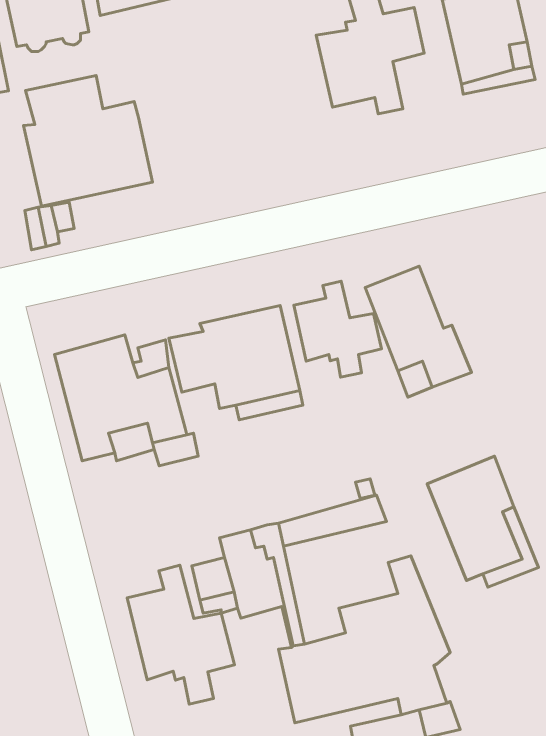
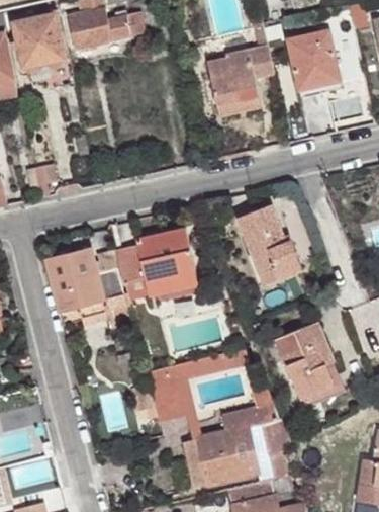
building: [23,76,152,206] -> none
building: [294,281,382,377] -> none
building: [127,565,235,704] -> none

